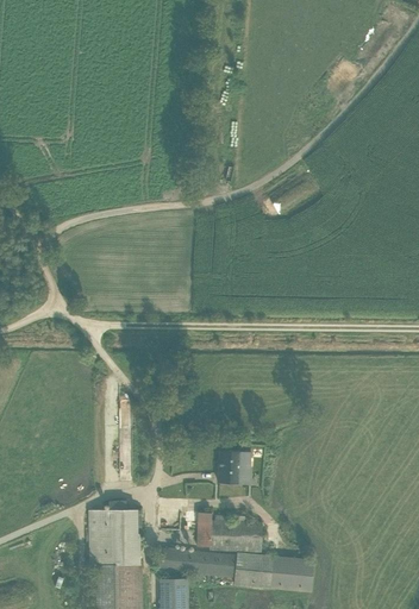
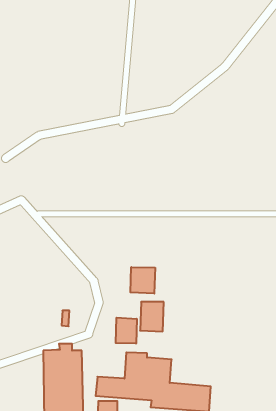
building: none -> [130,267,155,294]
building: none -> [116,318,137,344]

